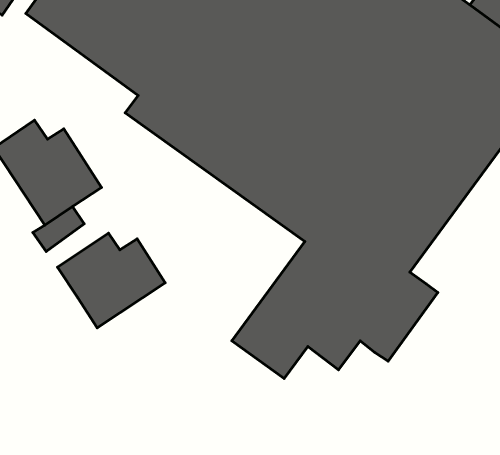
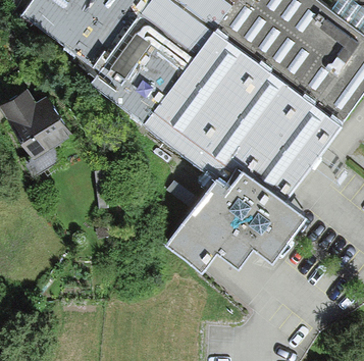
building: [58,233,165,328] -> none

